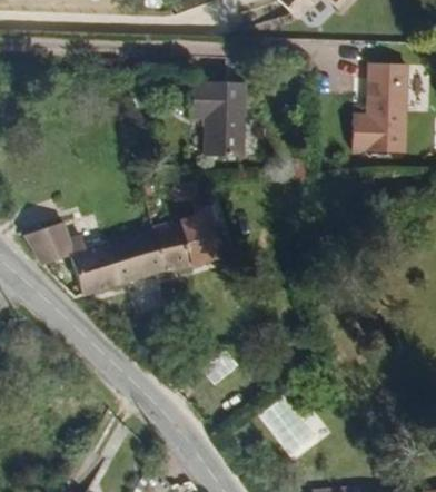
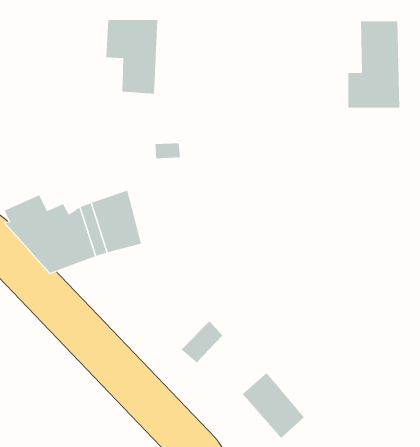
building: [195,77,246,149] -> [105,20,158,94]
building: [148,201,231,274] -> none

